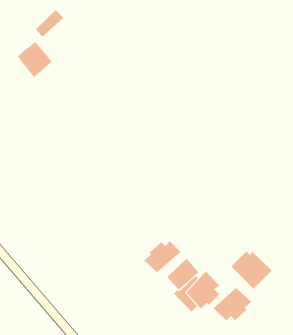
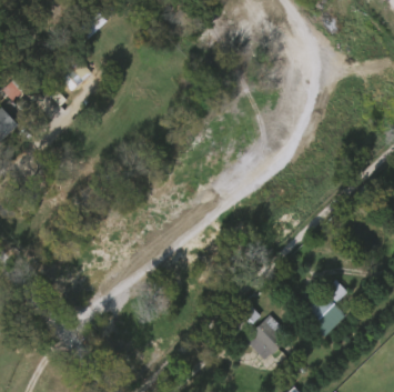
building: [144,240,181,273] -> none
building: [213,287,252,322] -> none

